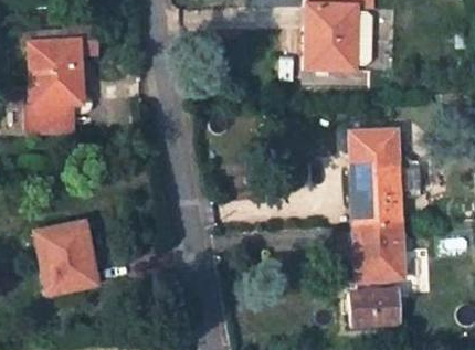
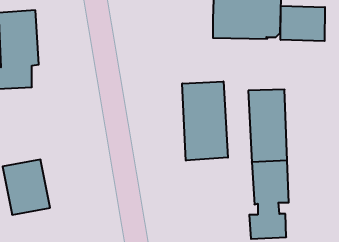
building: none -> [281,6,325,41]
building: none -> [182,81,228,161]

